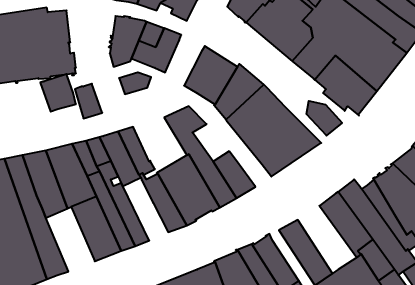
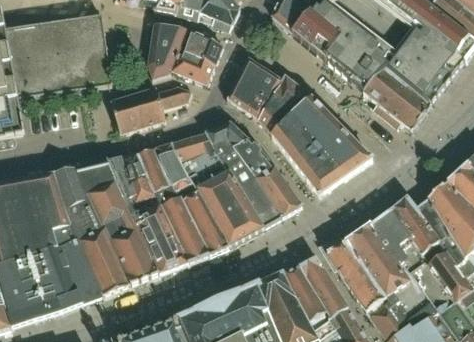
building: [40,74,76,112] -> [128,86,166,126]
building: [306,101,342,136] -> none
building: none -> [172,131,229,190]
building: none -> [235,138,274,178]
building: none -> [161,195,210,262]
building: none -> [347,224,410,297]
building: none -> [79,226,131,295]

